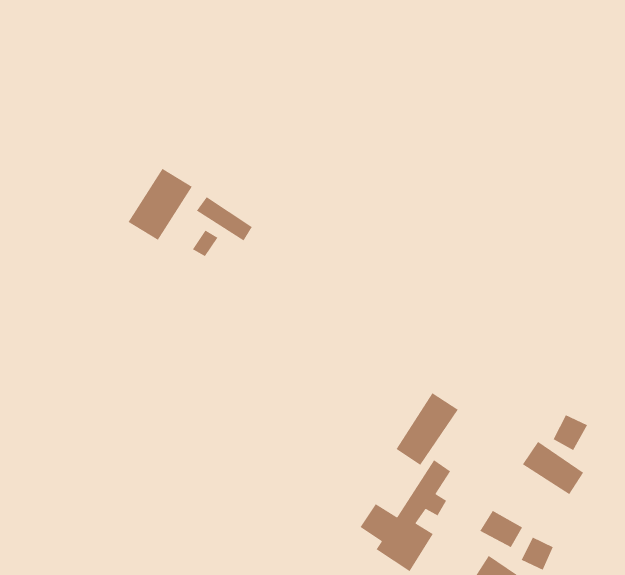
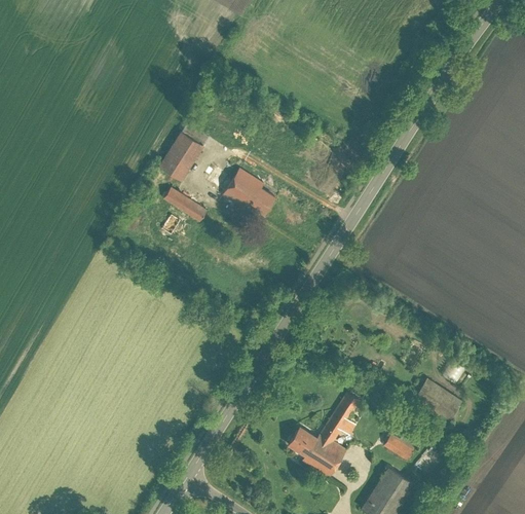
building: [128,168,193,241] -> [159,124,210,181]
building: none -> [223,168,277,221]
building: [396,392,459,466] -> none

